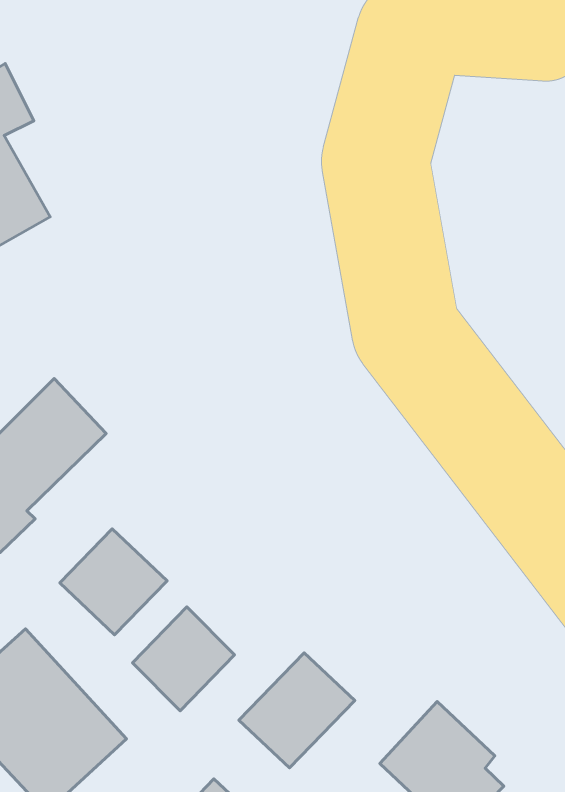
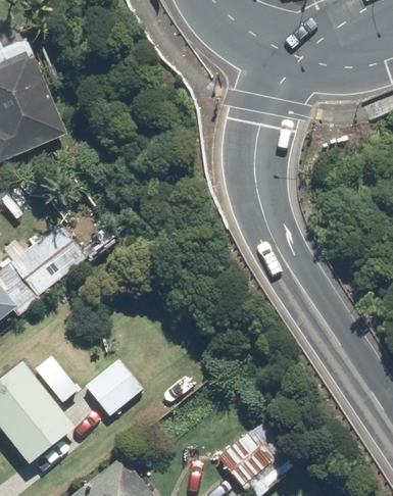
building: [60,529,167,635] -> none
building: [239,653,355,768] -> none

